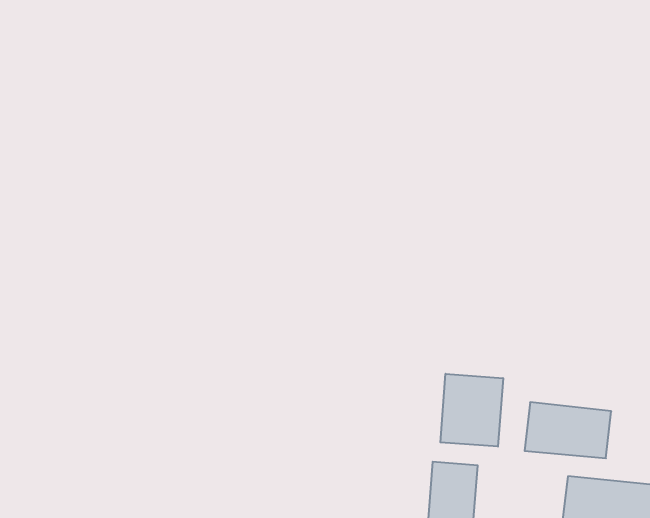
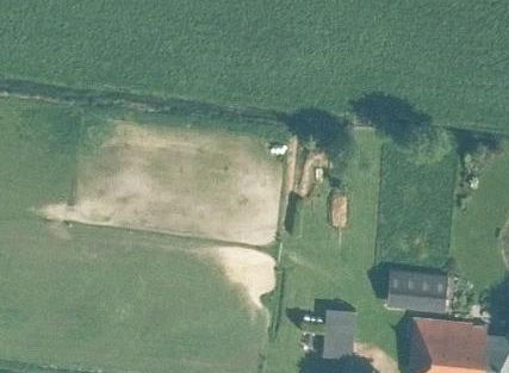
building: [440,374,503,447] -> none

